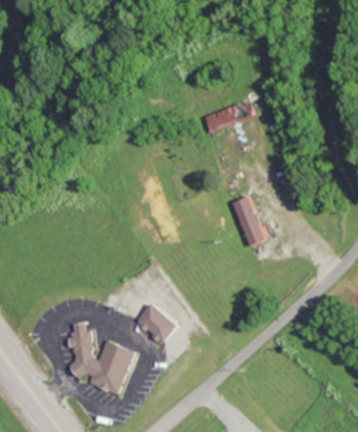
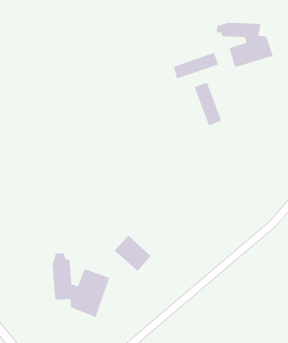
building: none -> [215,22,274,68]
building: [232,197,264,246] -> [194,82,222,126]

